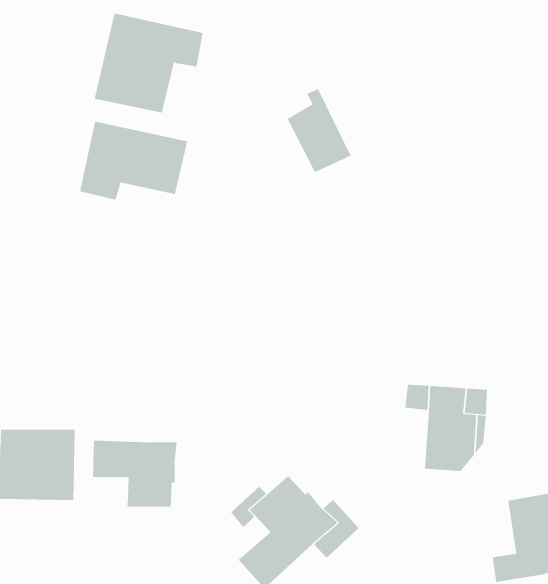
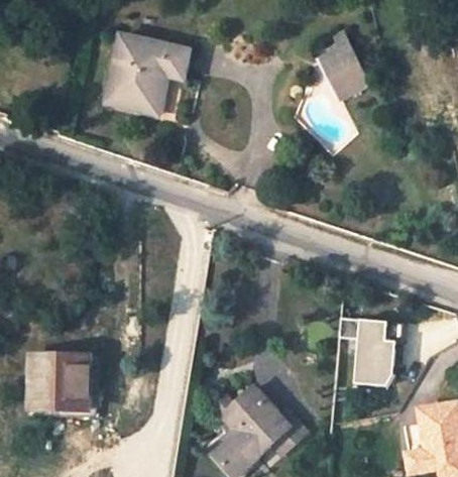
building: [287,88,352,173] -> [318,33,367,98]
building: [79,121,188,201] -> none
building: [93,440,177,508] -> none

